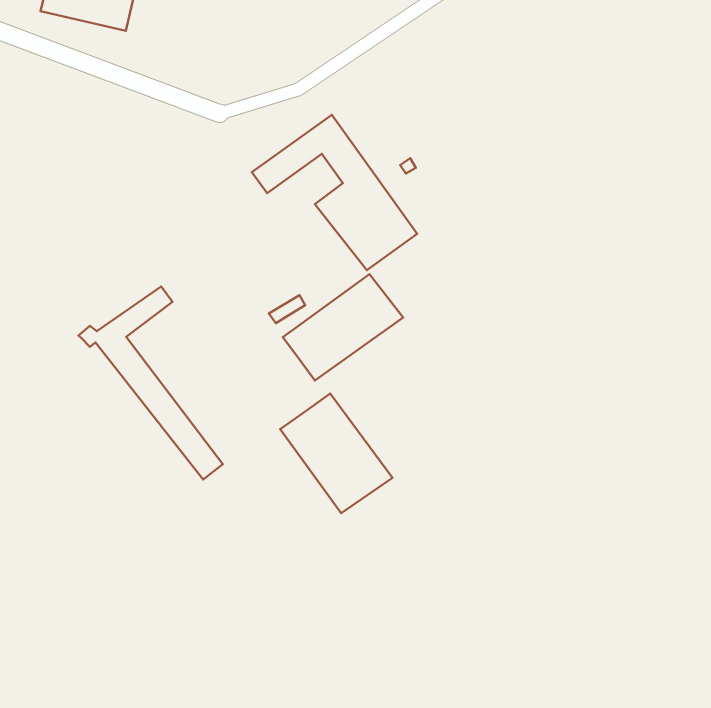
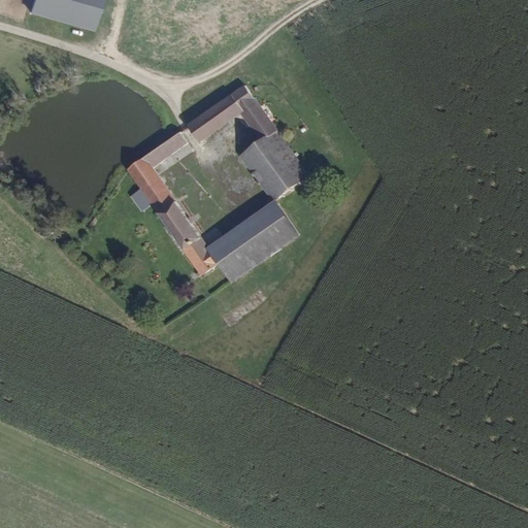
building: [79,287,223,480] -> [114,134,221,276]
building: [280,393,393,513] -> none

